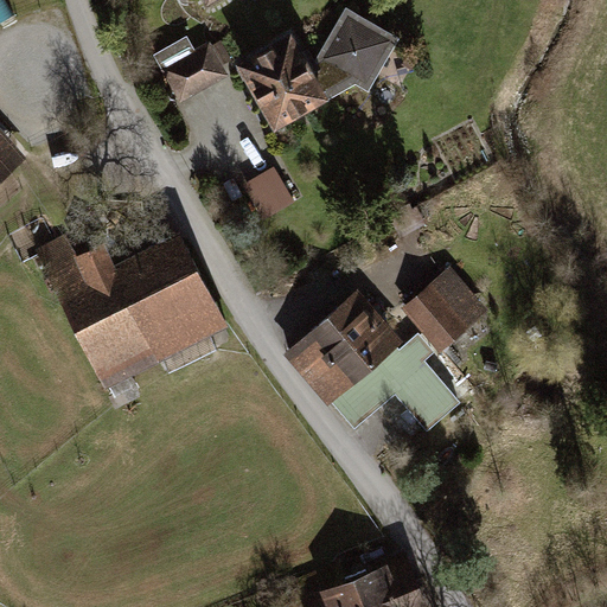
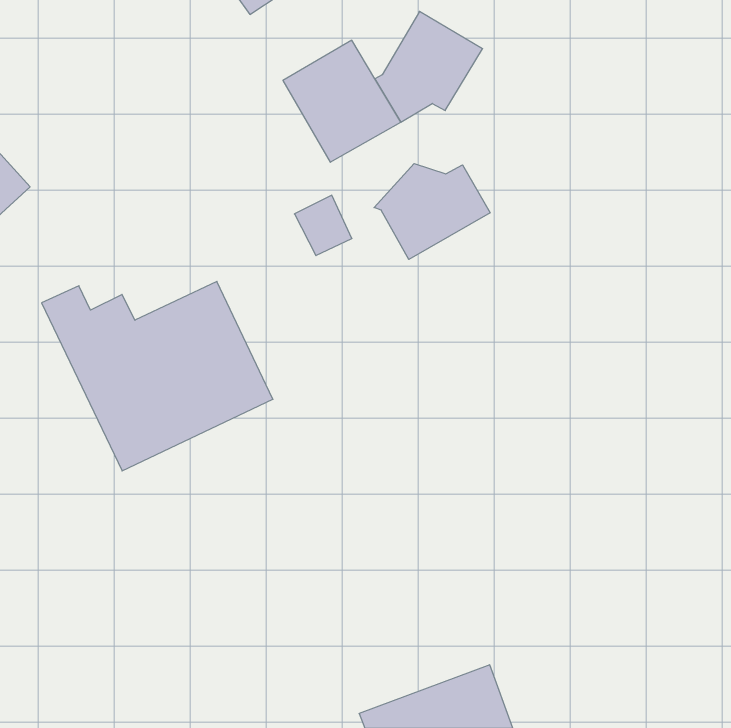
building: [154,43,229,108] -> none
building: none -> [374,164,490,259]
building: [285,267,487,432] -> none

